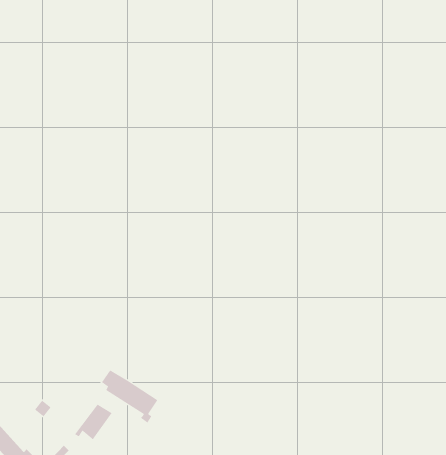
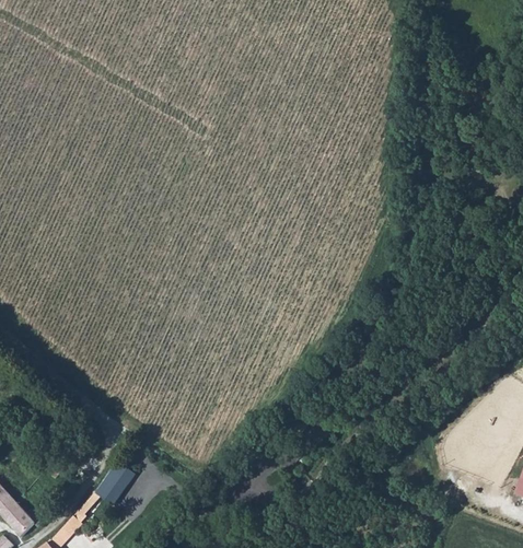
building: [101,369,158,423] -> none

